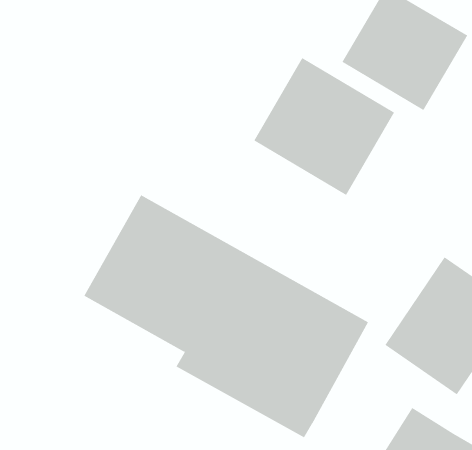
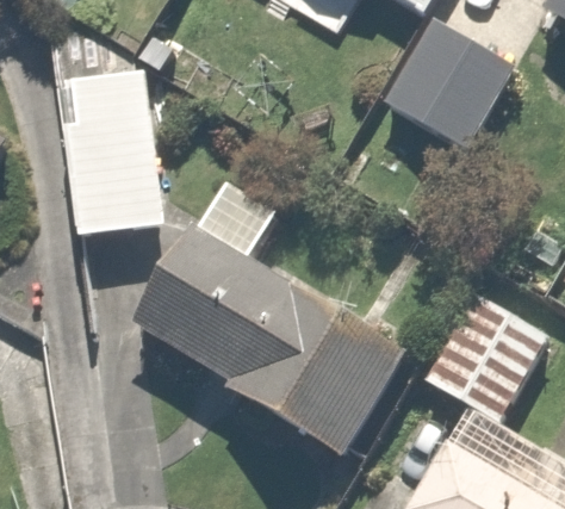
building: none -> [61,77,169,232]
building: [253,57,395,196] -> none

